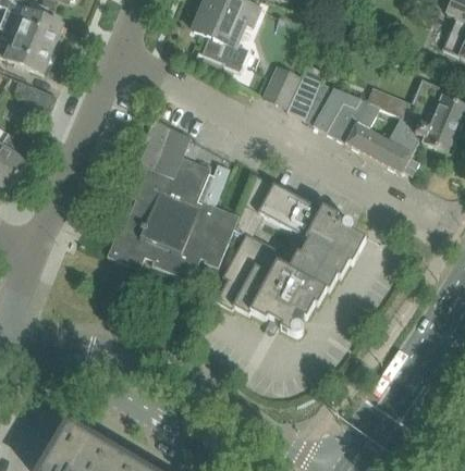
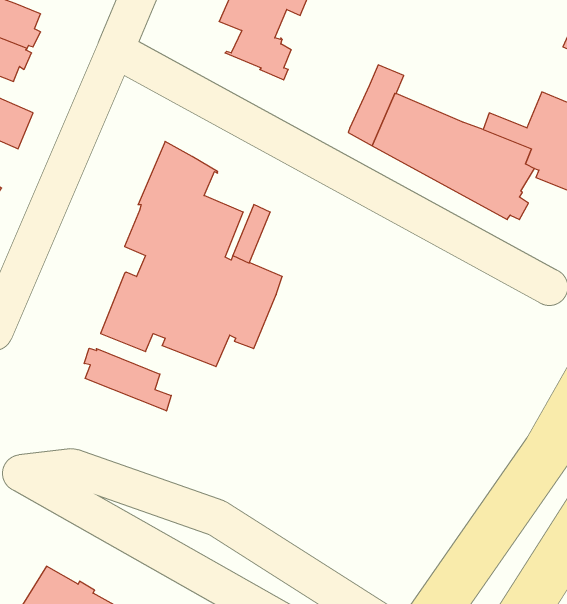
building: [264,65,302,107] -> none
building: [216,174,366,335] -> none
building: none -> [84,348,171,411]

